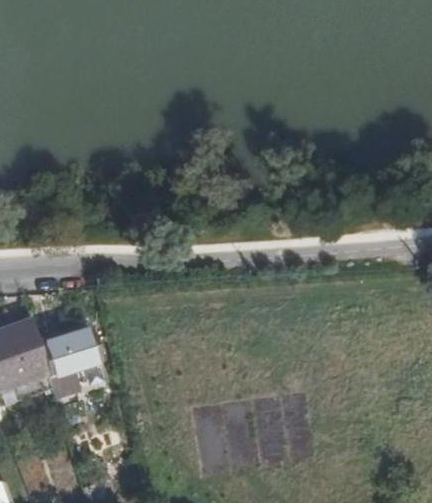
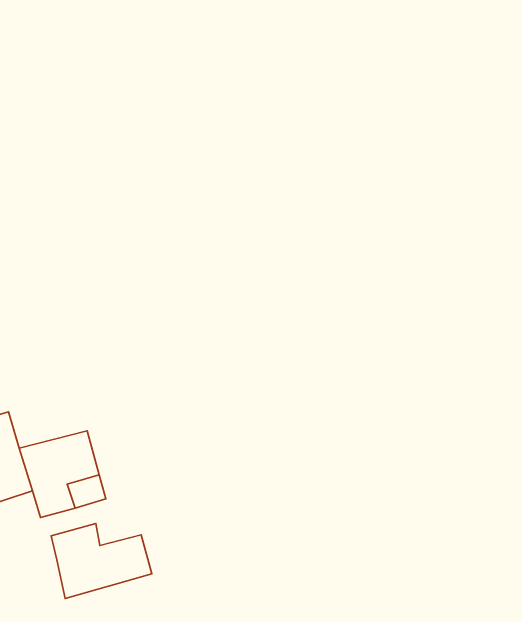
building: none -> [51,524,152,599]

